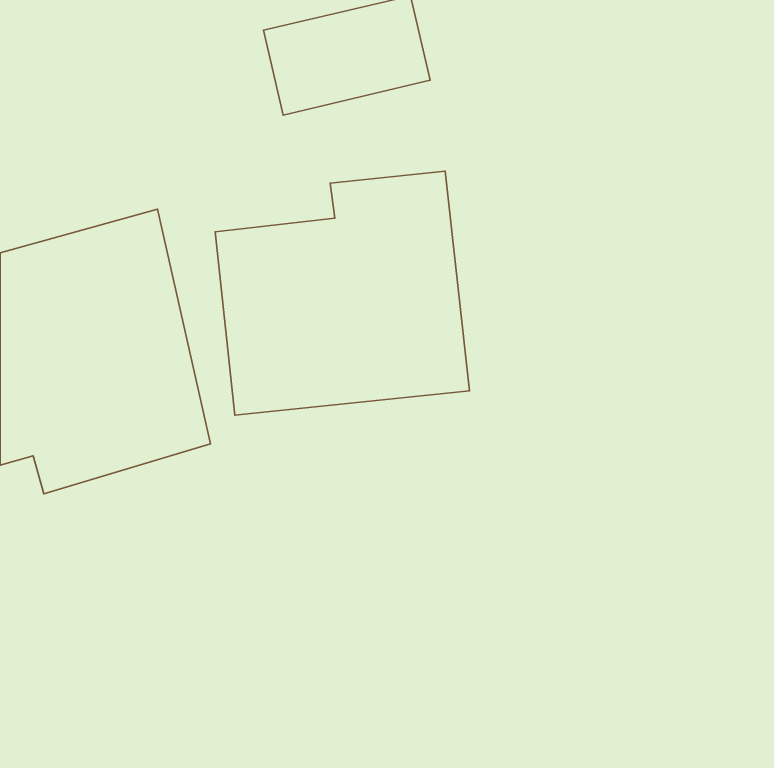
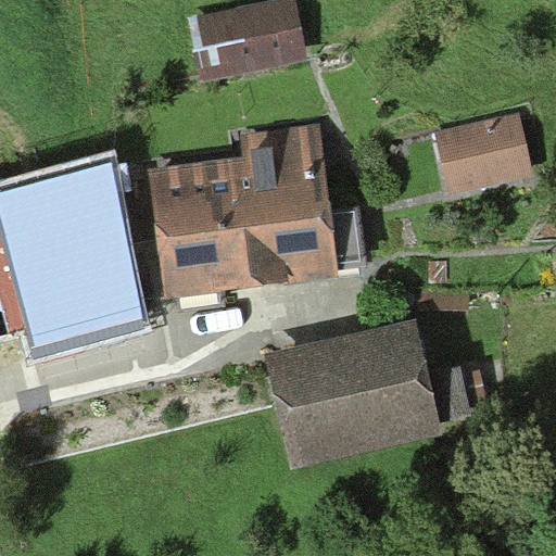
building: none -> [433,109,529,193]
building: none -> [260,320,441,468]

